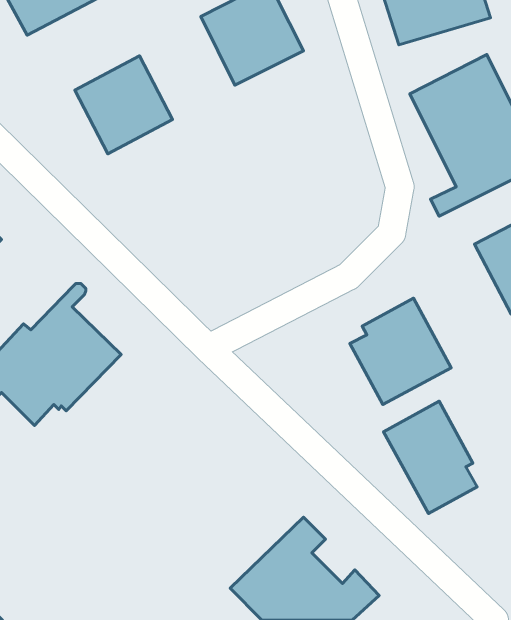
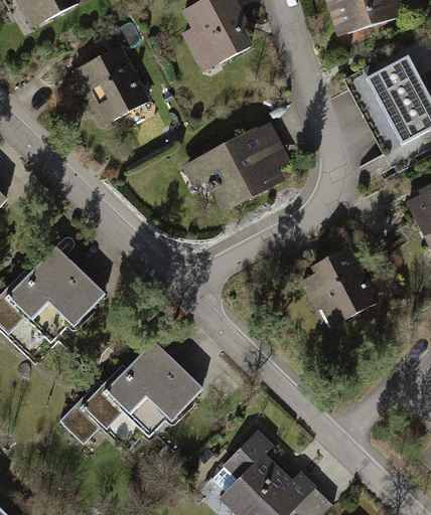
building: none -> [178,119,300,215]
building: none -> [63,328,205,447]
building: [384,401,477,514] -> none

